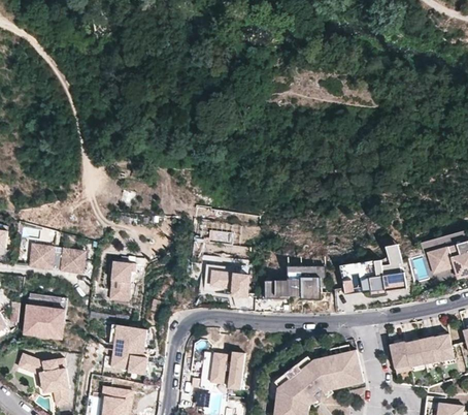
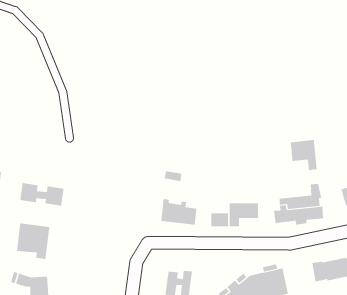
building: none -> [290,139,317,171]
building: [110,261,136,295] -> none
building: [111,324,148,374] -> none

